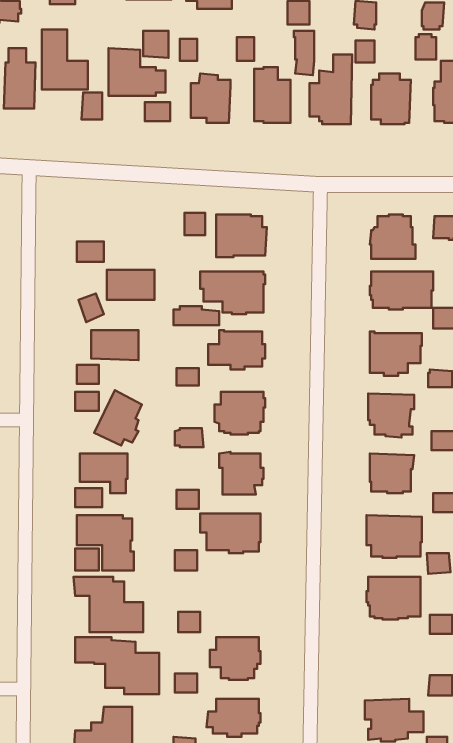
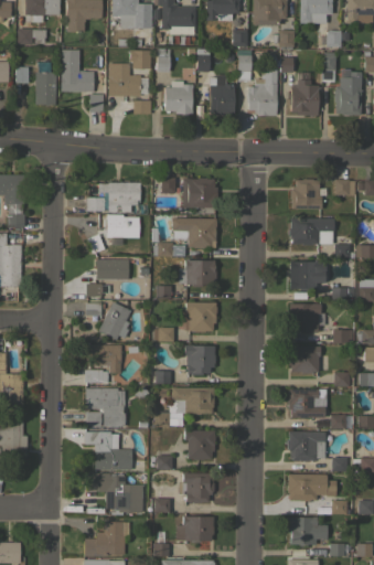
building: none -> [99,182,141,213]
building: none -> [185,429,215,460]
building: none -> [287,475,327,501]

